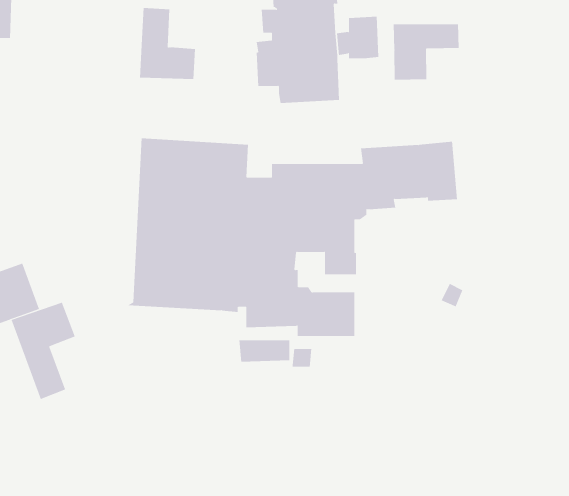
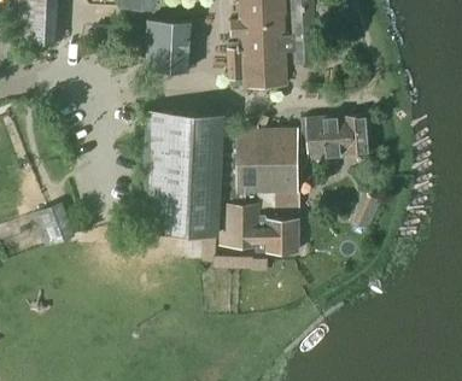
building: [393,23,459,81] -> none
building: [11,302,75,400] -> none

